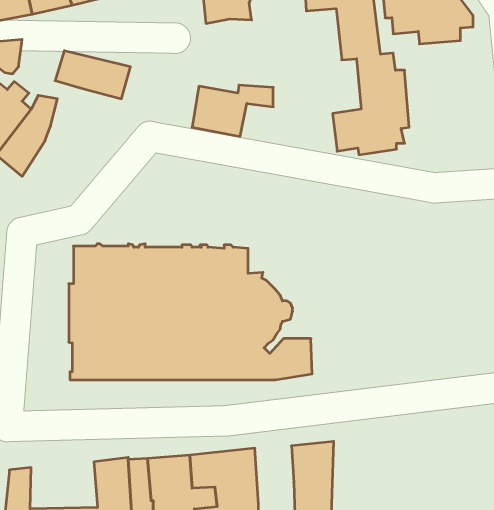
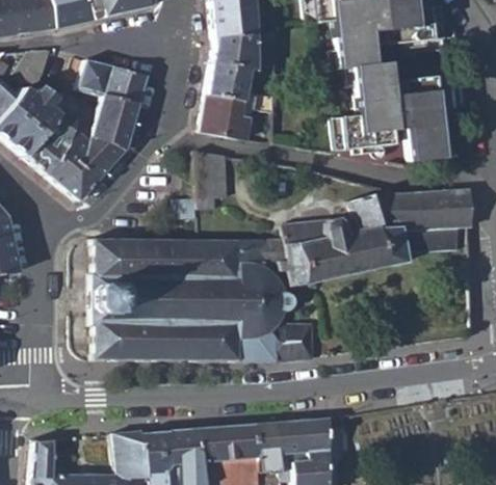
building: none -> [209,32,258,100]
building: none -> [407,70,466,164]
building: none -> [48,96,138,200]
building: none -> [198,152,231,208]
building: none -> [254,187,472,285]
building: none -> [260,421,295,474]

